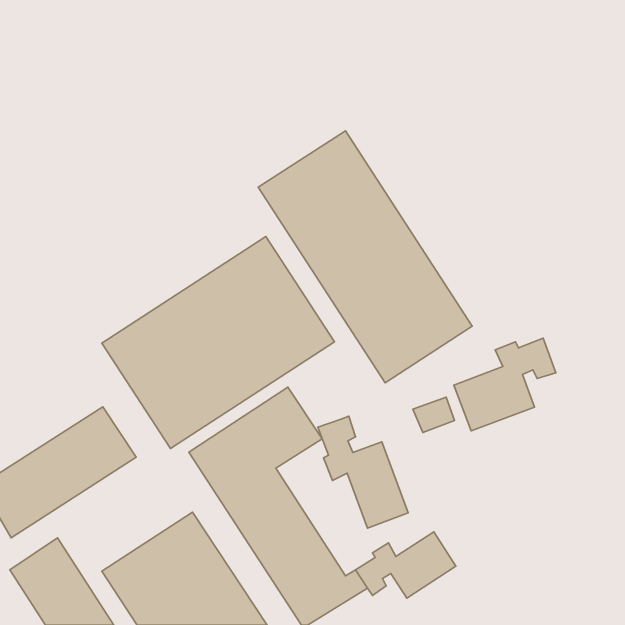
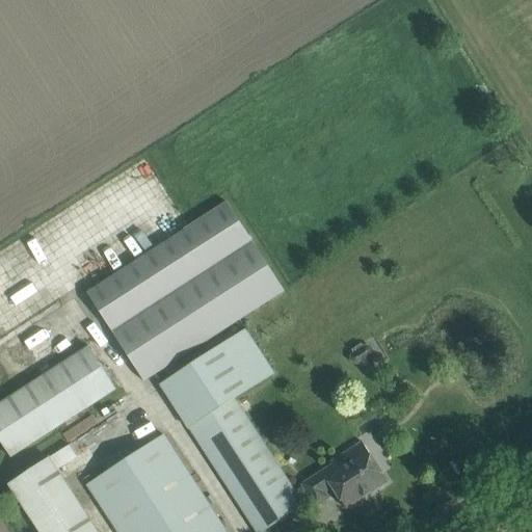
building: [258,131,472,383] -> none
building: [454,338,556,431] -> none
building: [318,416,408,528] -> none

